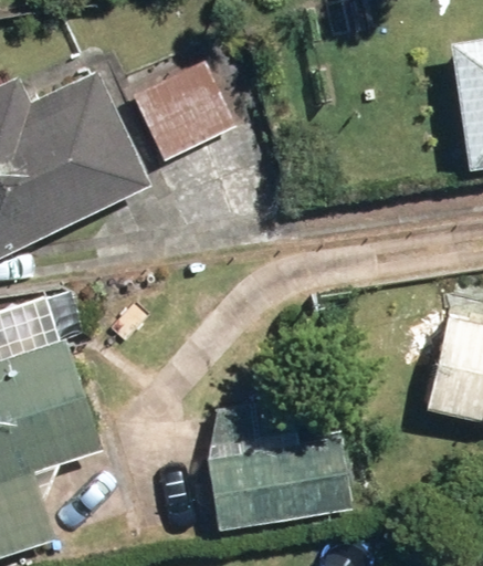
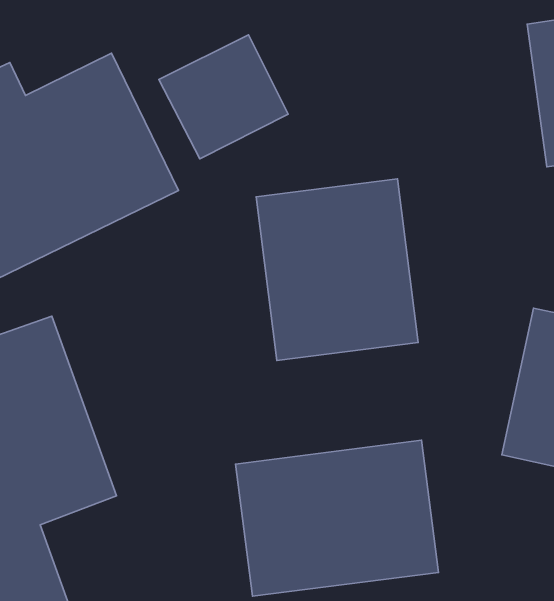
building: none -> [256,179,418,361]

